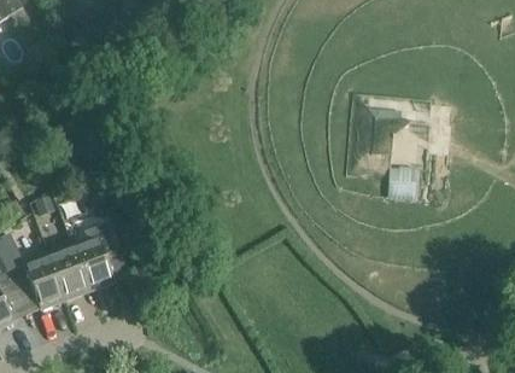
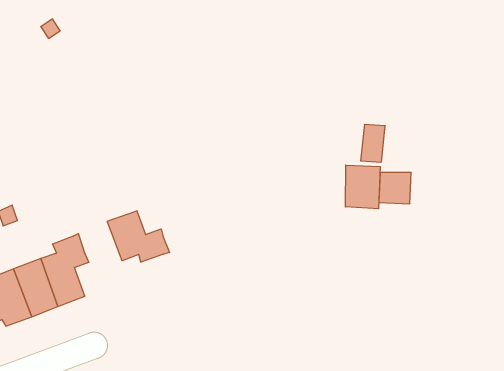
building: none -> [345,165,380,209]
building: none -> [107,211,170,262]

